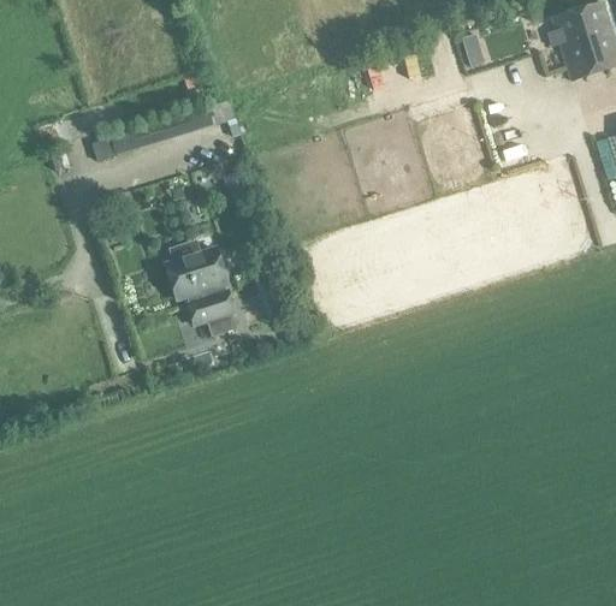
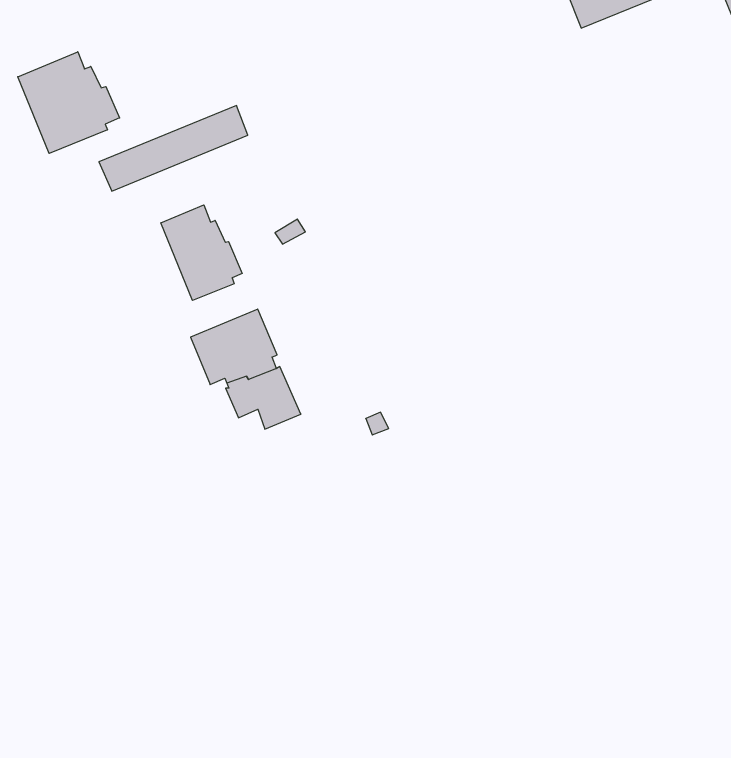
building: none -> [18,52,120,153]
building: none -> [161,205,242,300]

